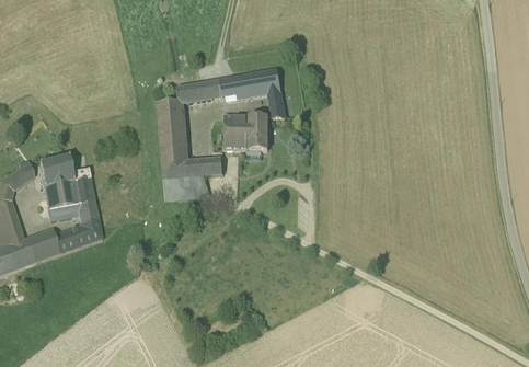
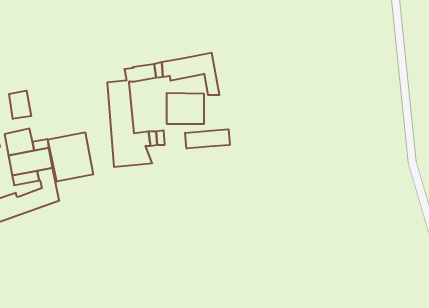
building: none -> [9,91,31,119]
building: none -> [185,129,230,149]
building: none -> [48,132,93,182]

